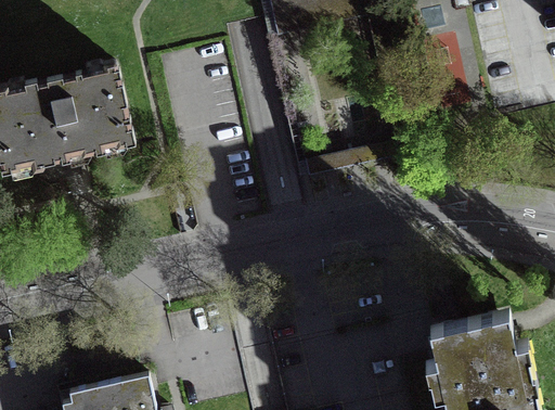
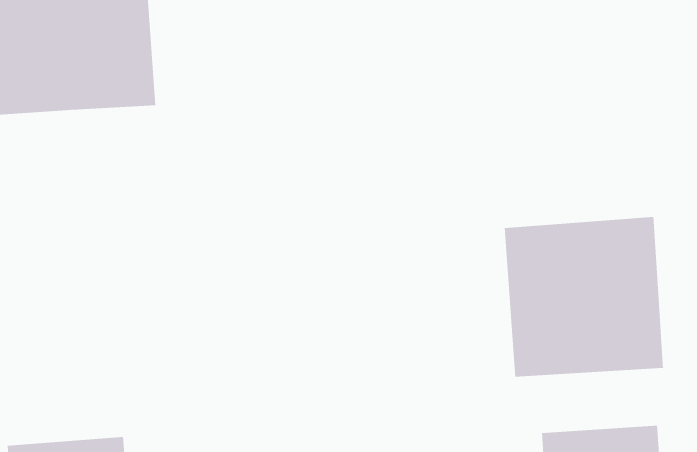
building: none -> [504,216,663,378]

